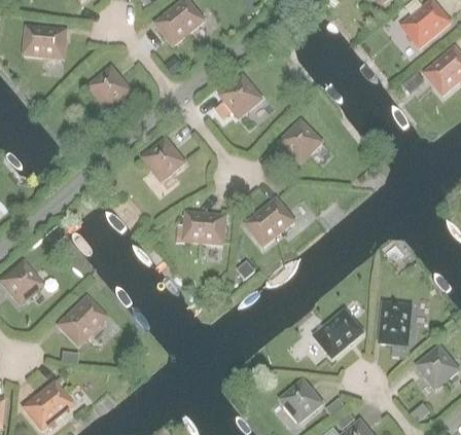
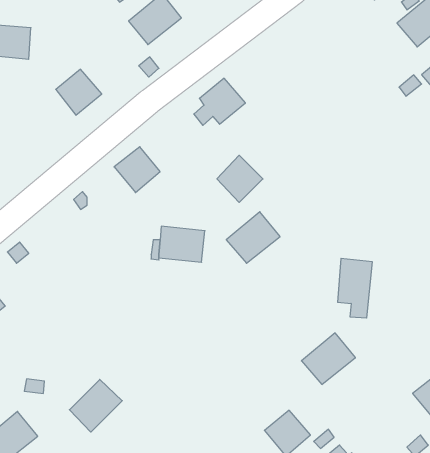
building: [280,119,322,162] -> [217,155,263,202]
building: [58,296,106,345] -> [69,379,122,432]
building: [380,301,412,356] -> [338,258,372,318]

